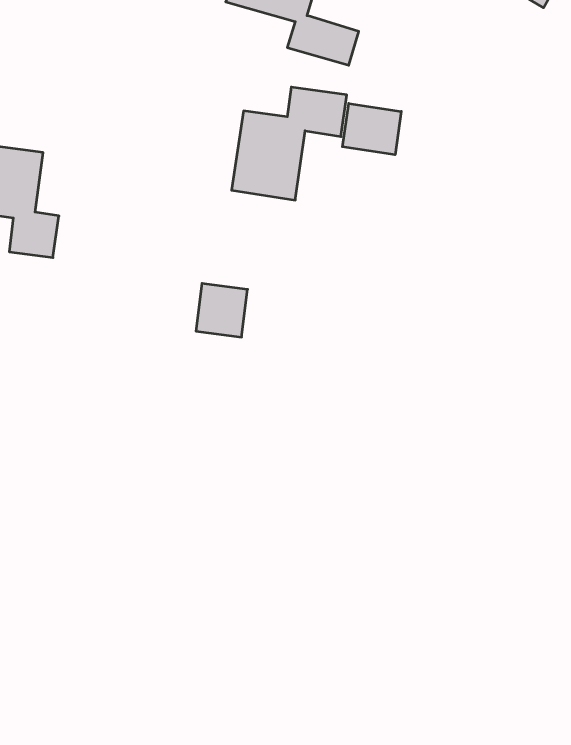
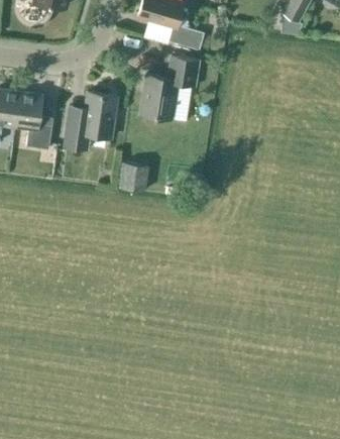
building: [342,103,401,155] -> none
building: none -> [64,91,117,148]

